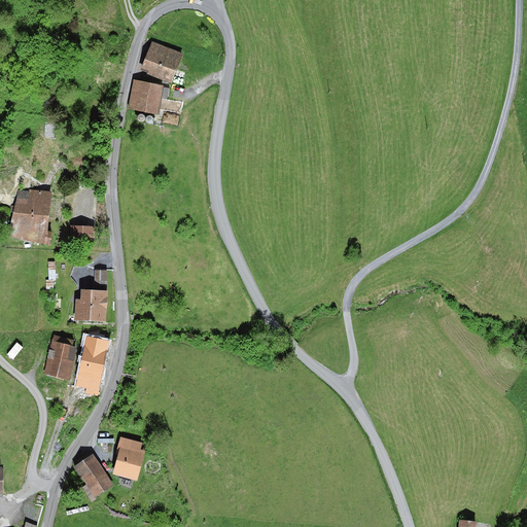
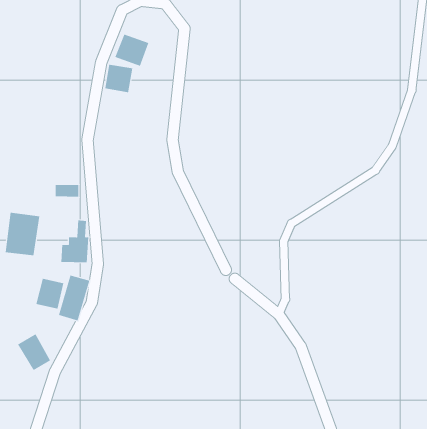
building: [10,186,54,240] -> [5,212,40,256]
building: [111,436,146,480] -> none
building: [70,454,111,499] -> [17,334,51,371]

